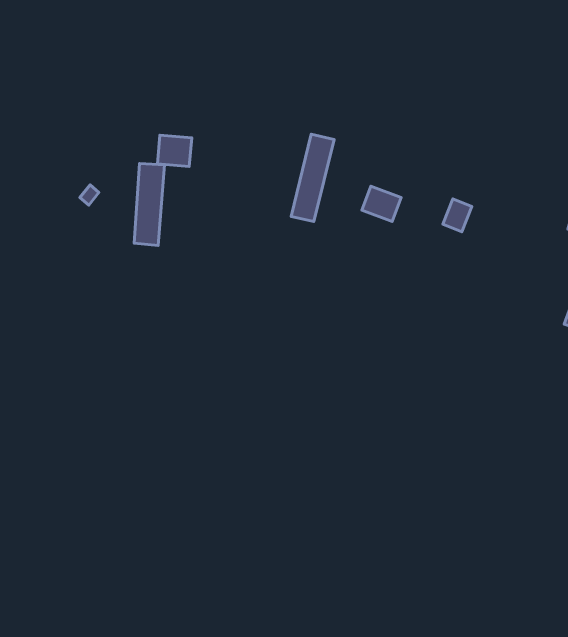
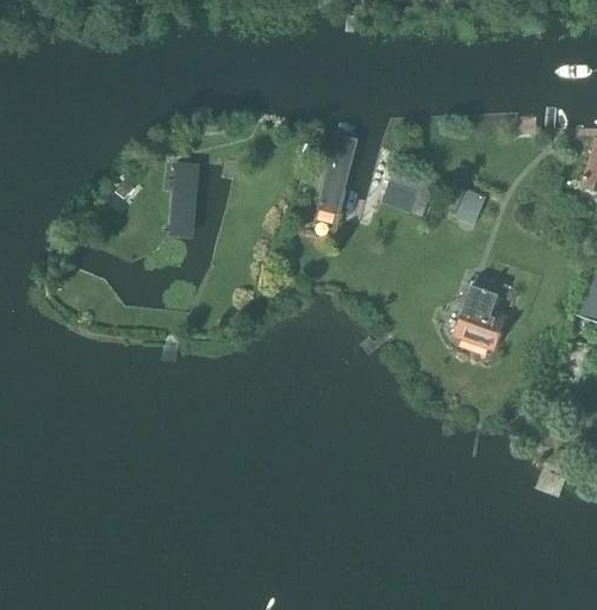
building: [157,135,192,166] -> none
building: none -> [455,285,509,351]

